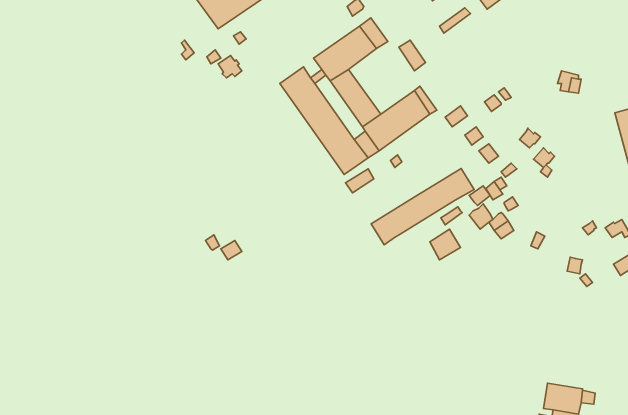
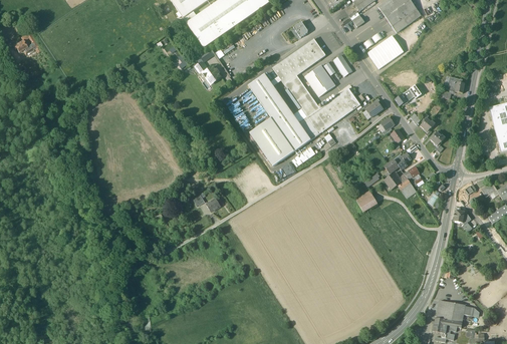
building: none -> [367,34,404,68]
building: none -> [307,64,336,95]
building: none -> [249,116,294,165]
building: [371,168,474,245] -> none

